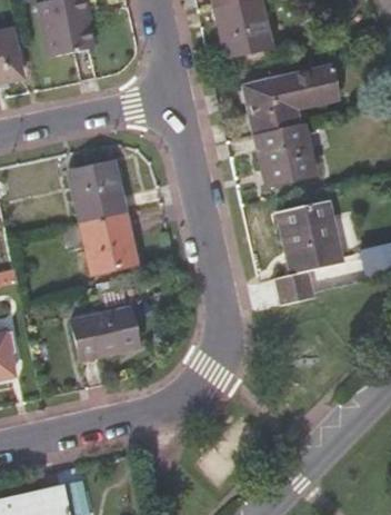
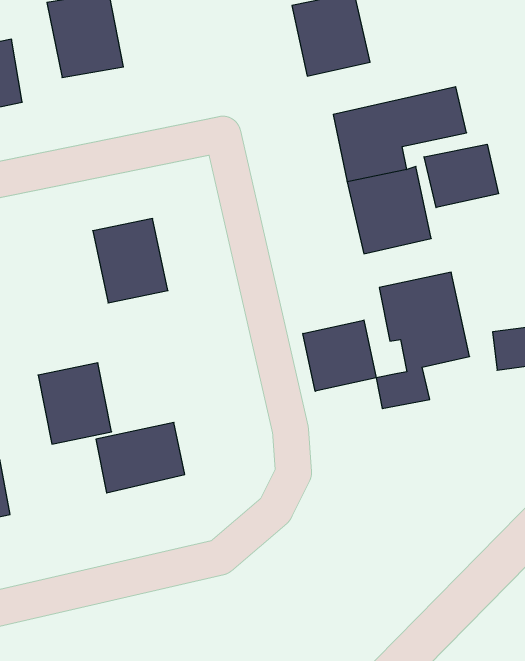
building: none -> [424,144,498,208]
building: [82,212,136,271] -> [38,363,112,444]
building: none -> [303,320,376,391]

